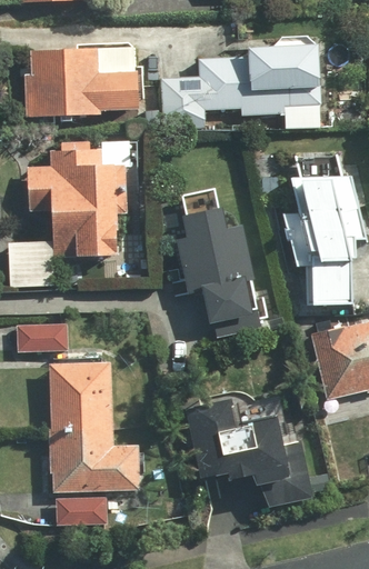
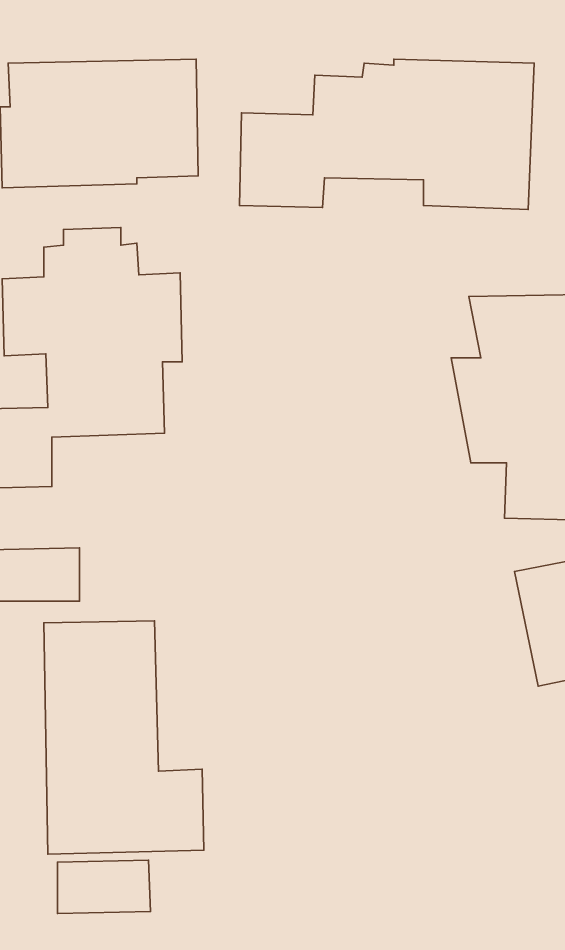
building: [176,186,259,327] -> none
building: [183,391,315,510] -> none

